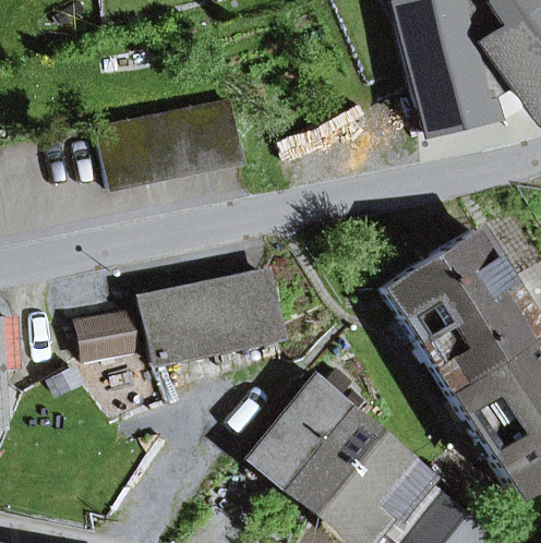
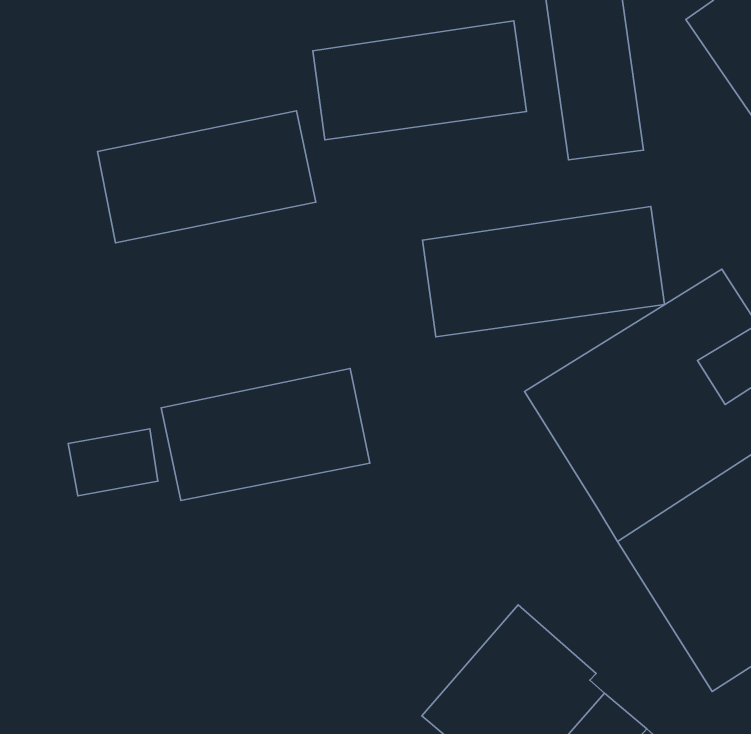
building: none -> [313,21,527,140]
building: none -> [423,206,665,337]
building: [255,382,378,506] -> none

